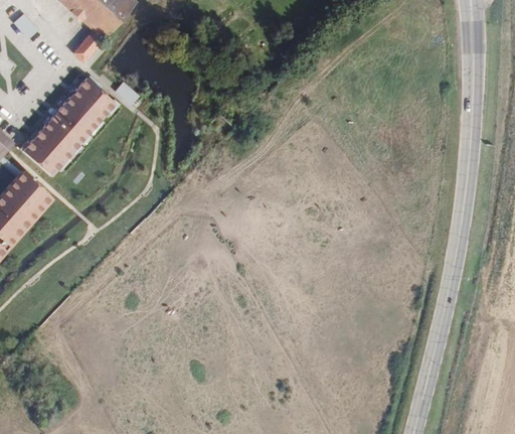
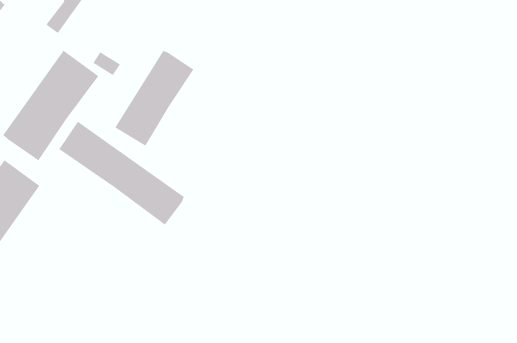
building: none -> [115,50,194,147]
building: none -> [59,121,184,225]

